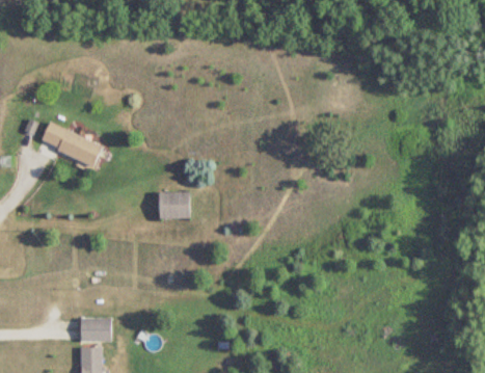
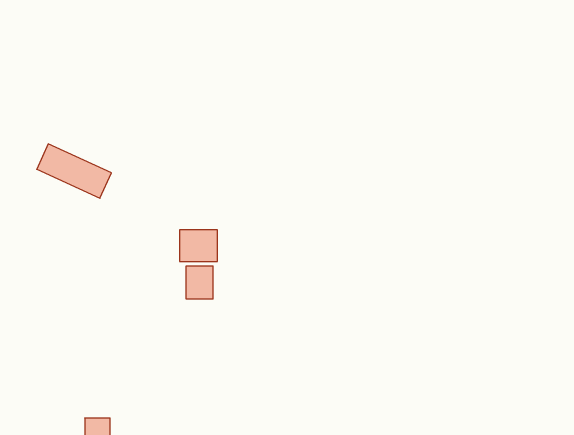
building: none -> [186,266,213,299]
building: [81,318,111,343] -> none

